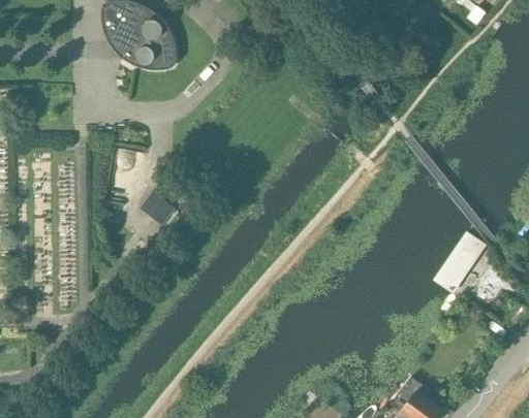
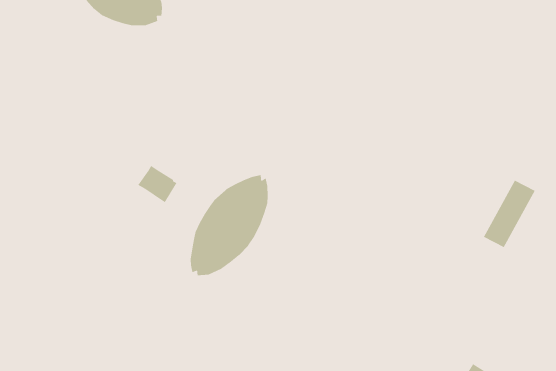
building: none -> [190,174,269,276]

